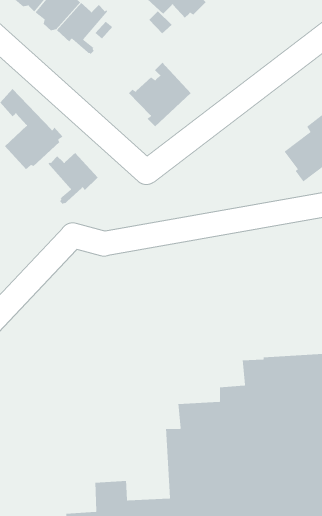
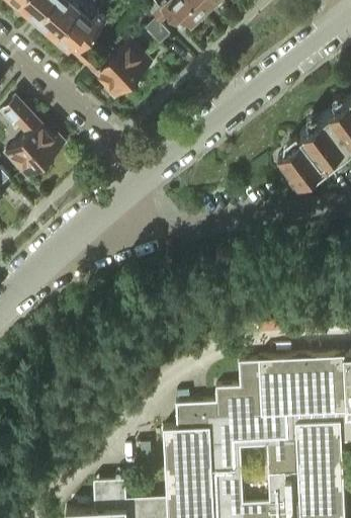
building: [128,62,192,127] -> [91,35,153,99]
building: [48,152,99,205] -> none

